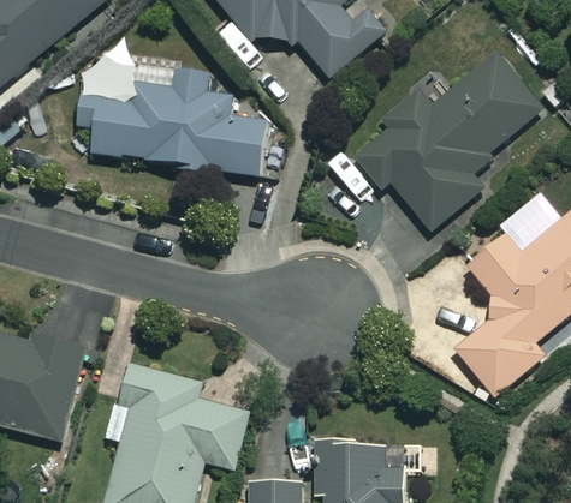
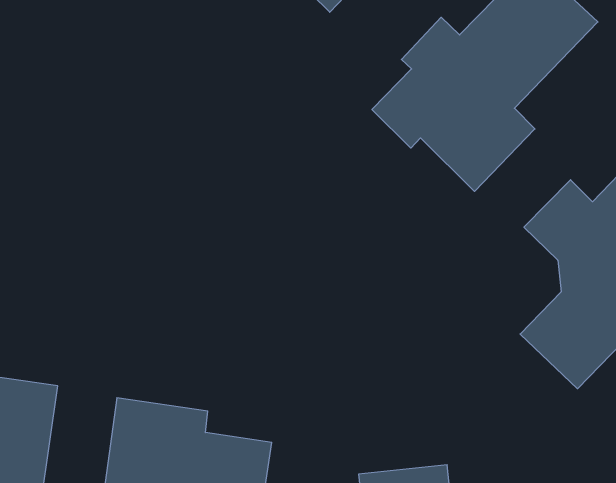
building: [77,62,263,174] -> none

